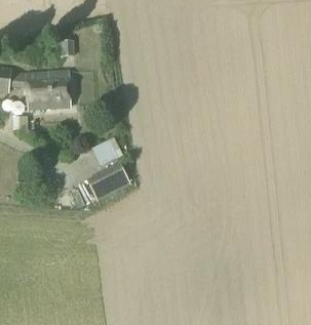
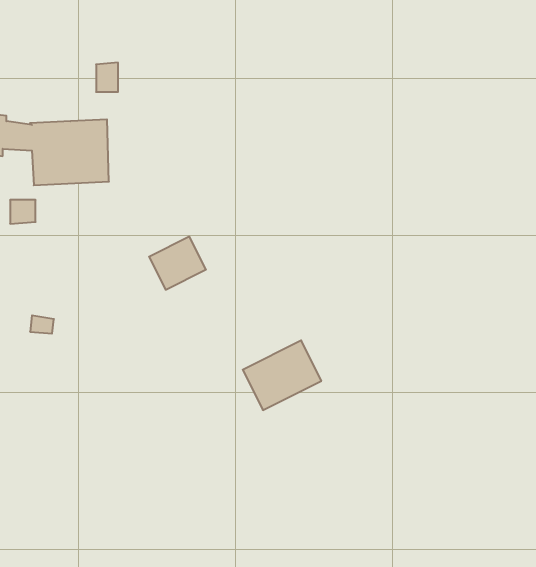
building: [85,162,129,201] -> [243,340,321,410]

